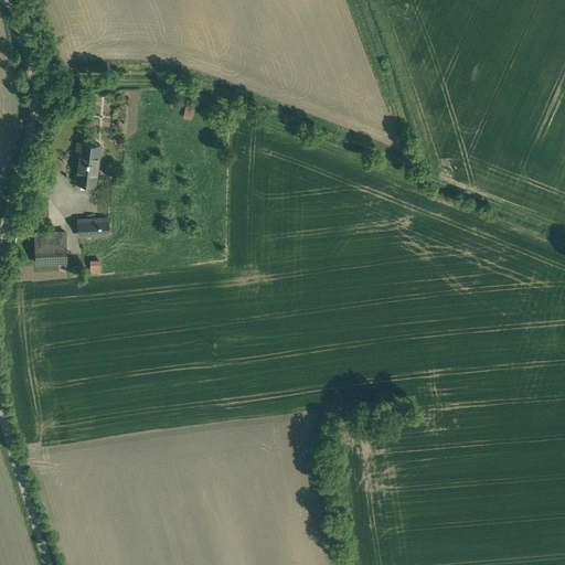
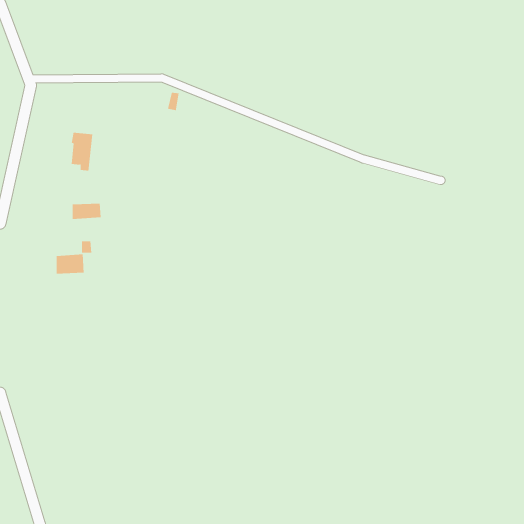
building: [35,242,66,264] -> [56,254,84,274]

